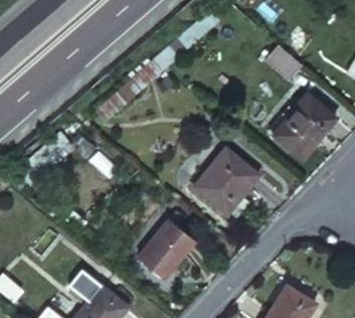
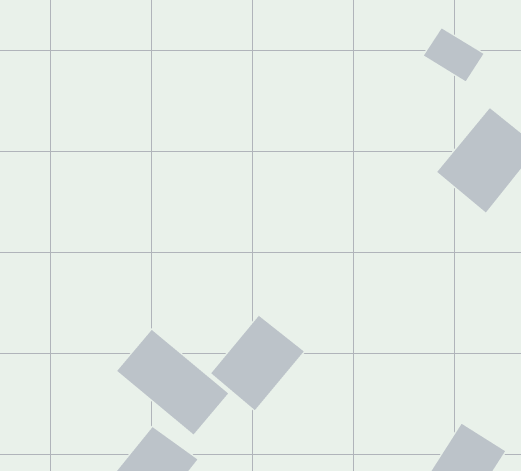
building: [191,147,258,214] -> none
building: none -> [116,329,229,436]

